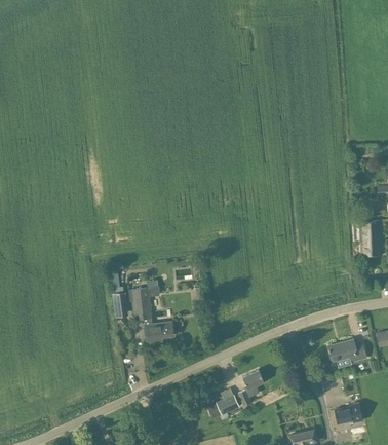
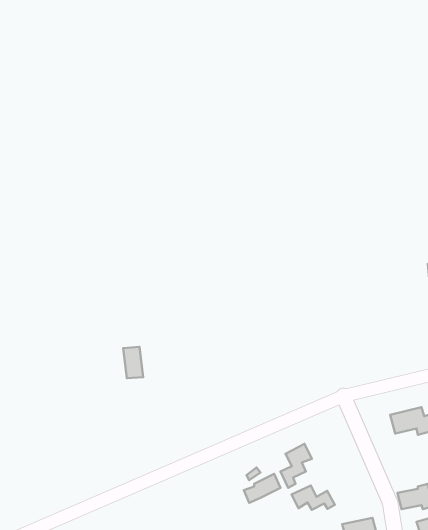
building: [130,287,172,342] -> none
building: none -> [292,486,335,510]

